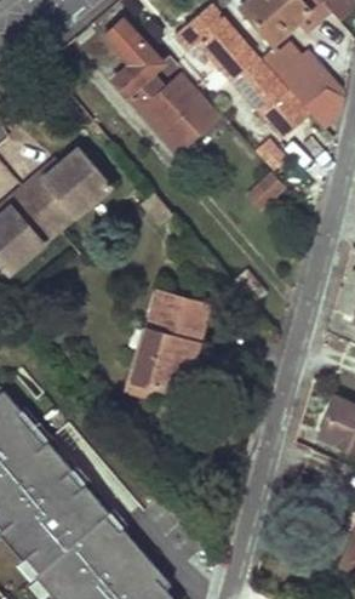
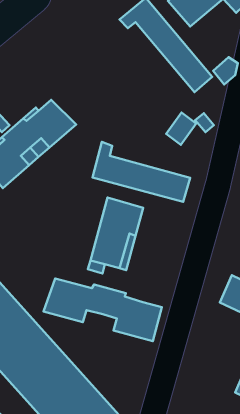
building: [107,23,217,156] -> none
building: [282,56,331,107] -> none
building: none -> [92,142,190,202]
building: none -> [43,279,162,341]

